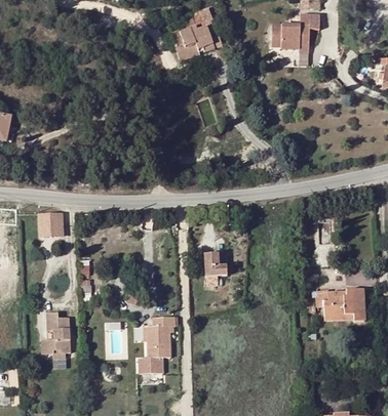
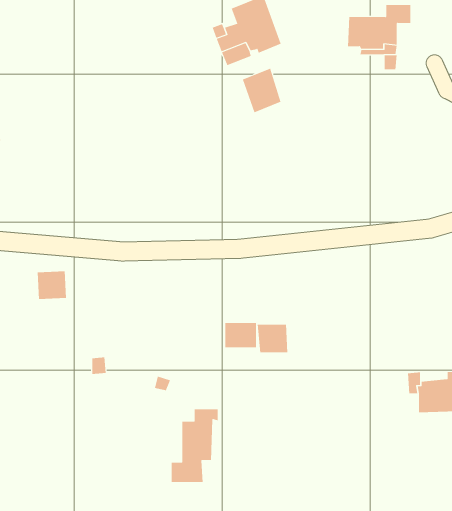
building: none -> [242,68,281,113]
building: none -> [225,322,257,348]
building: [40,311,70,353] -> none

